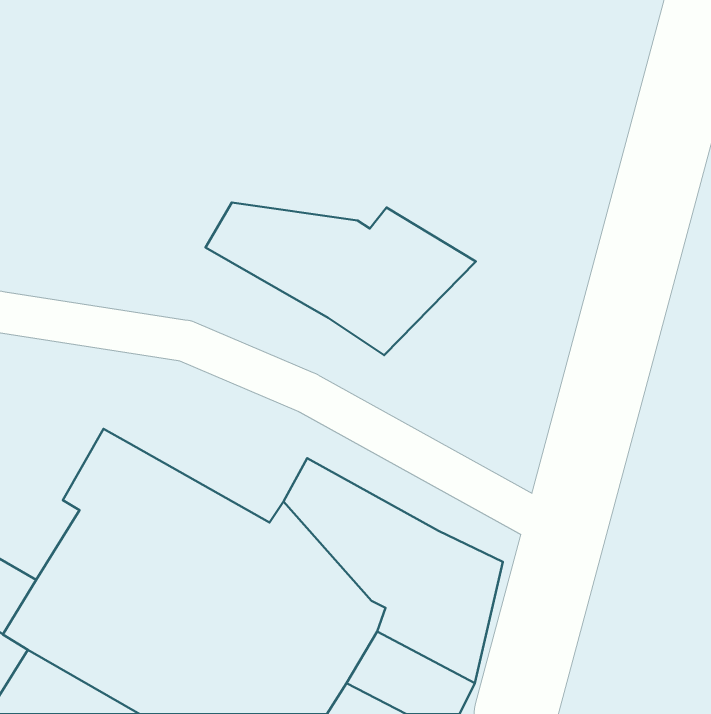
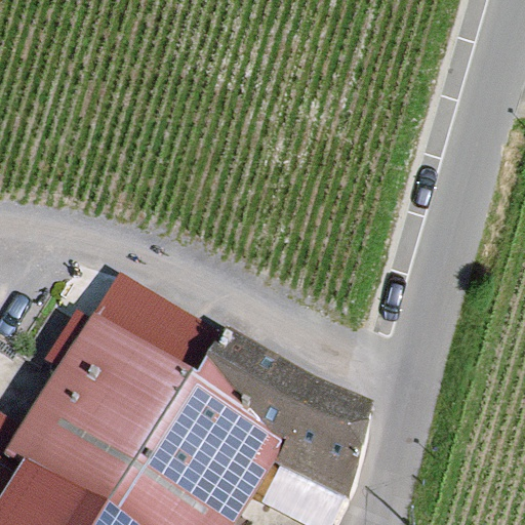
building: [206,202,476,355] -> none
building: none -> [94,276,226,383]

